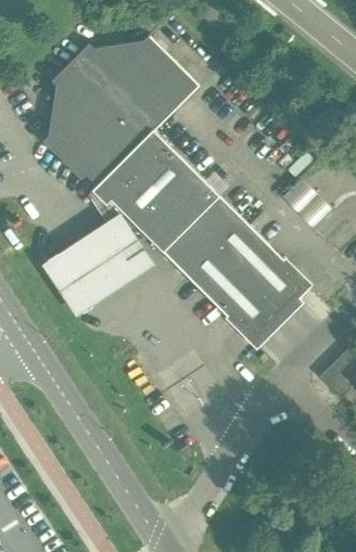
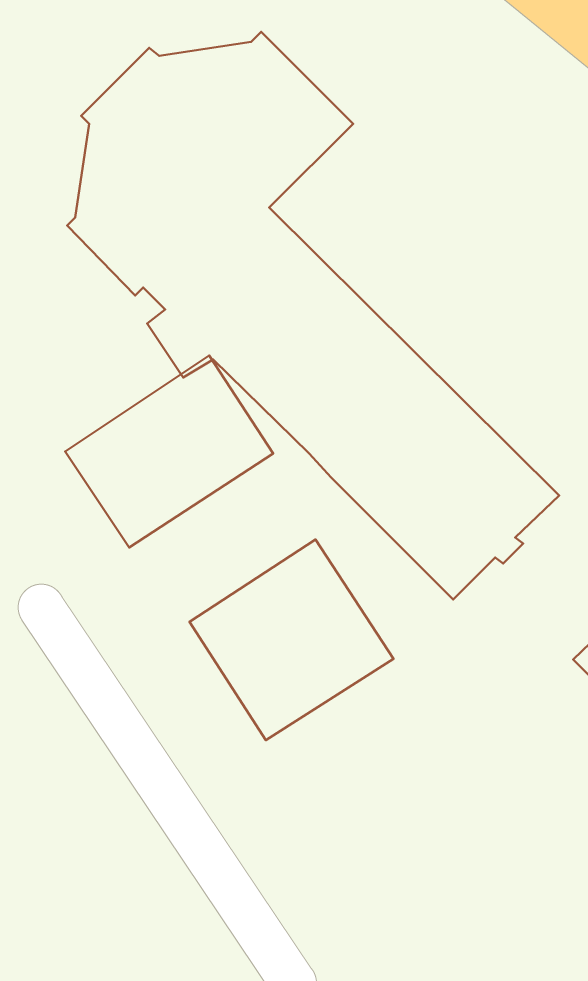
building: none -> [190,540,393,740]

